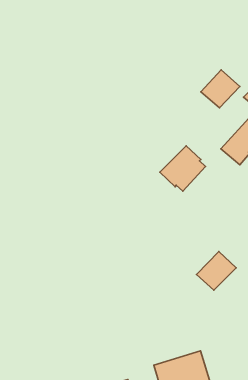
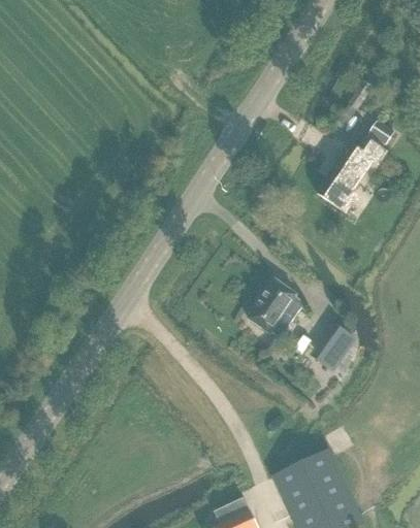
building: [201,70,240,108] -> none
building: [160,146,205,191] -> [248,280,303,338]

